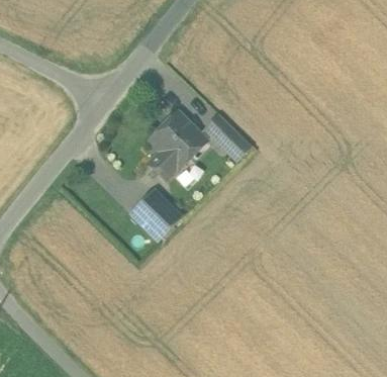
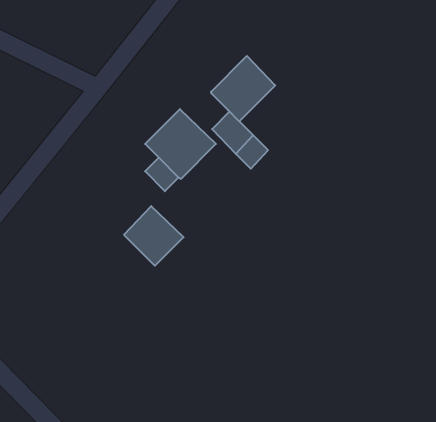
building: none -> [211,56,275,121]

